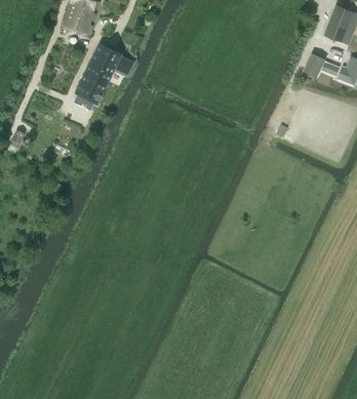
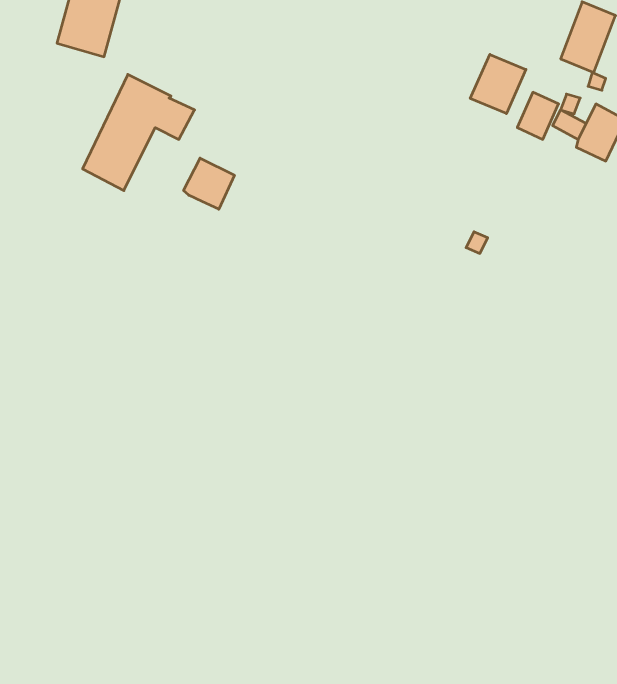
building: none -> [470,54,526,114]
building: none -> [184,158,234,209]

